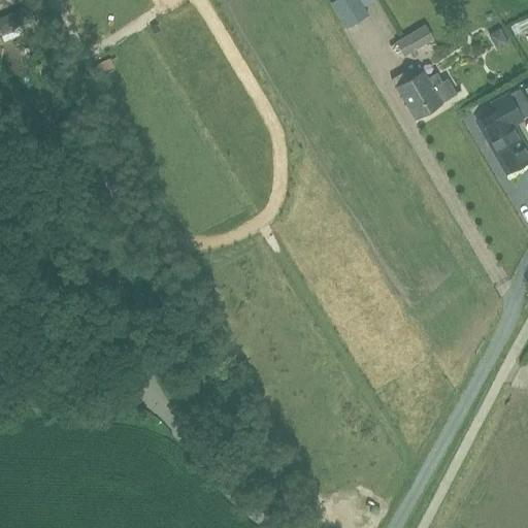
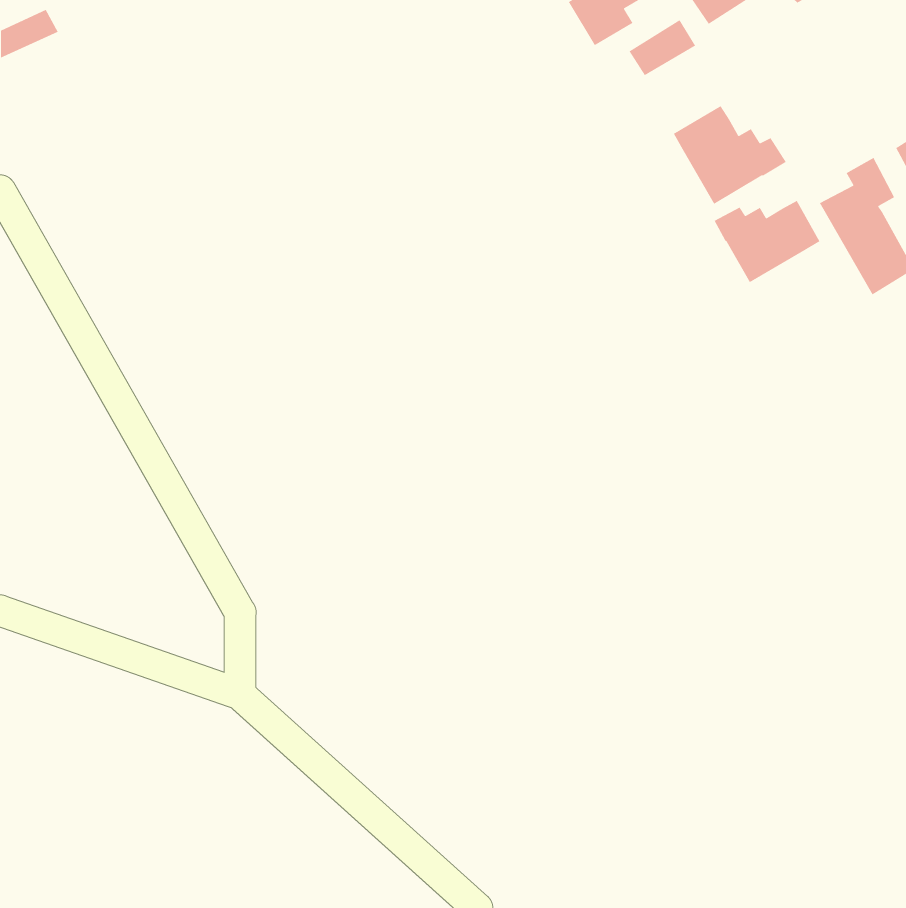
building: [396,22,435,55] -> [628,19,696,76]
building: none -> [713,200,821,283]

